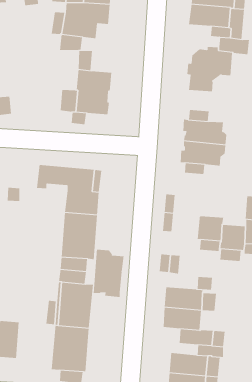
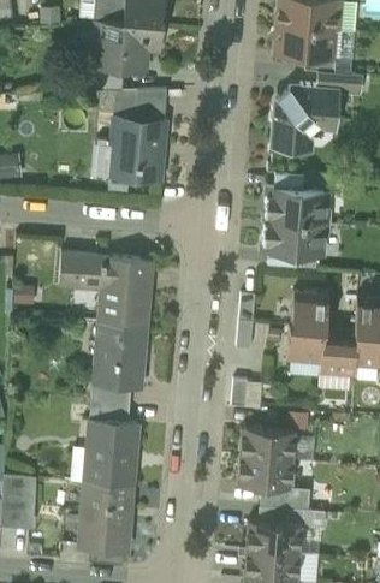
building: none -> [136,89,168,120]
building: none -> [291,290,328,327]
building: [93,249,124,298] -> none

